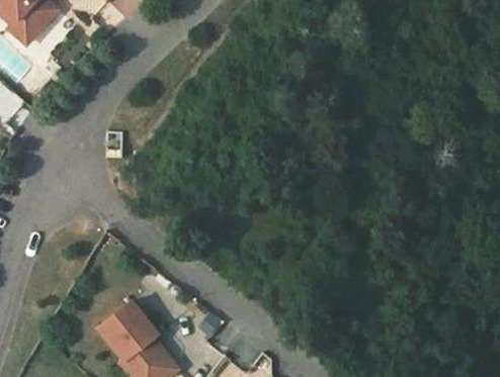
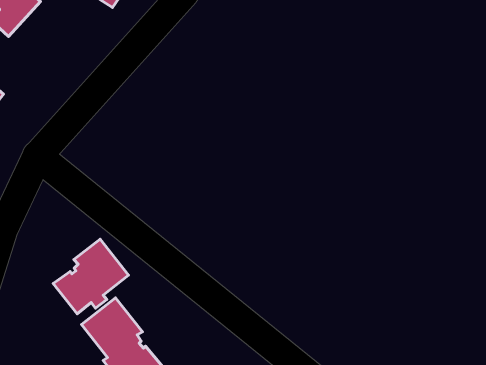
building: none -> [53,239,129,314]

